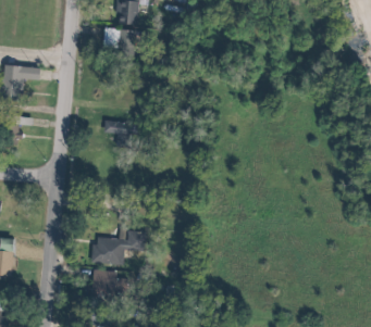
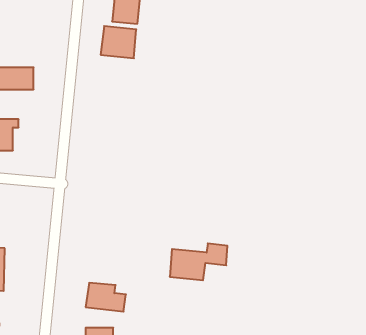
building: [103,121,137,139] -> none
building: [90,230,145,265] -> [170,243,227,280]

